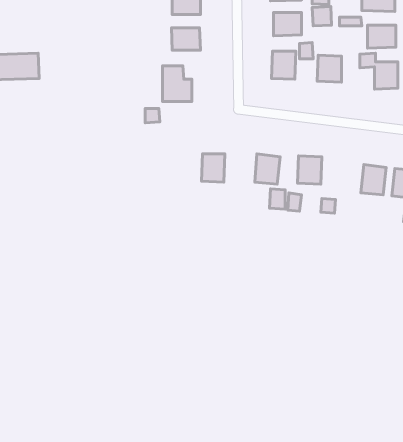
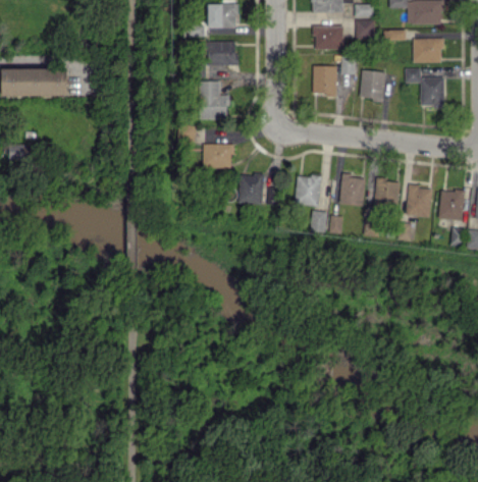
building: none -> [203,144,232,168]
building: none -> [374,179,400,207]

